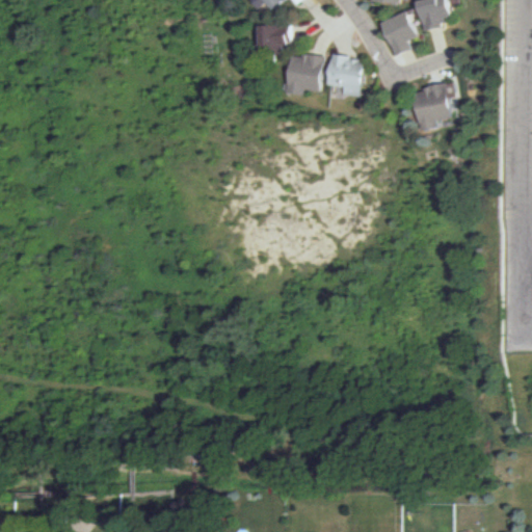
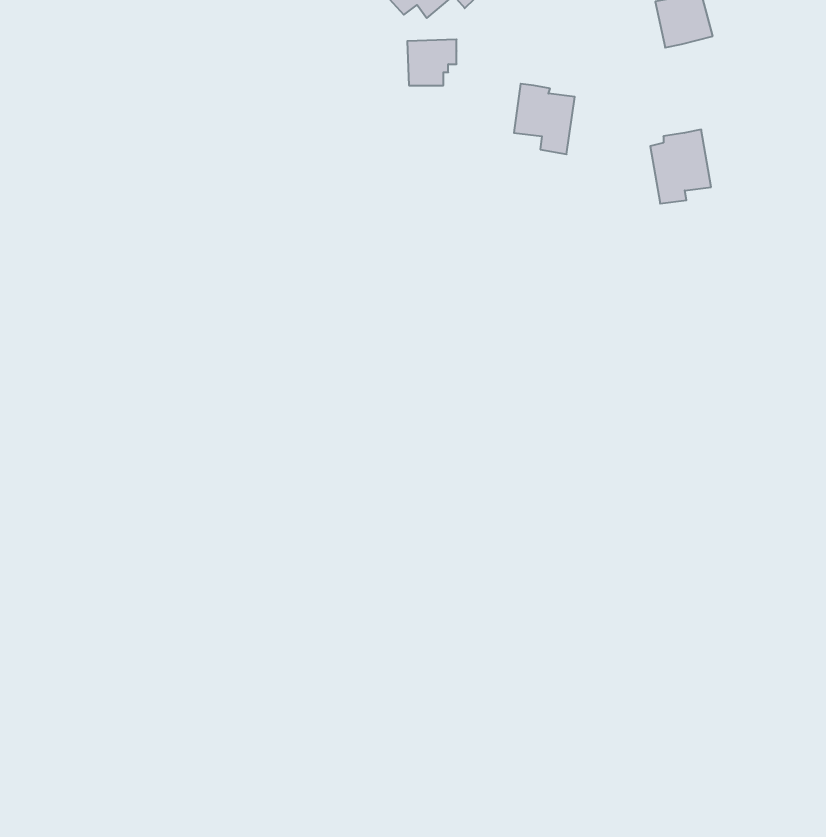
building: [378,10,417,55] -> none
building: [283,53,323,95] -> none

